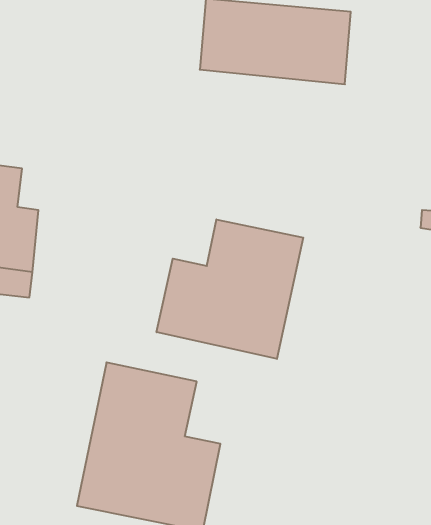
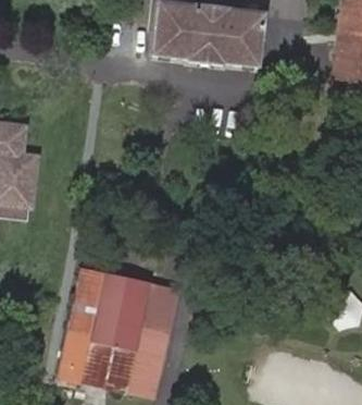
building: [157,219,303,359] -> none
building: none -> [143,284,178,330]

